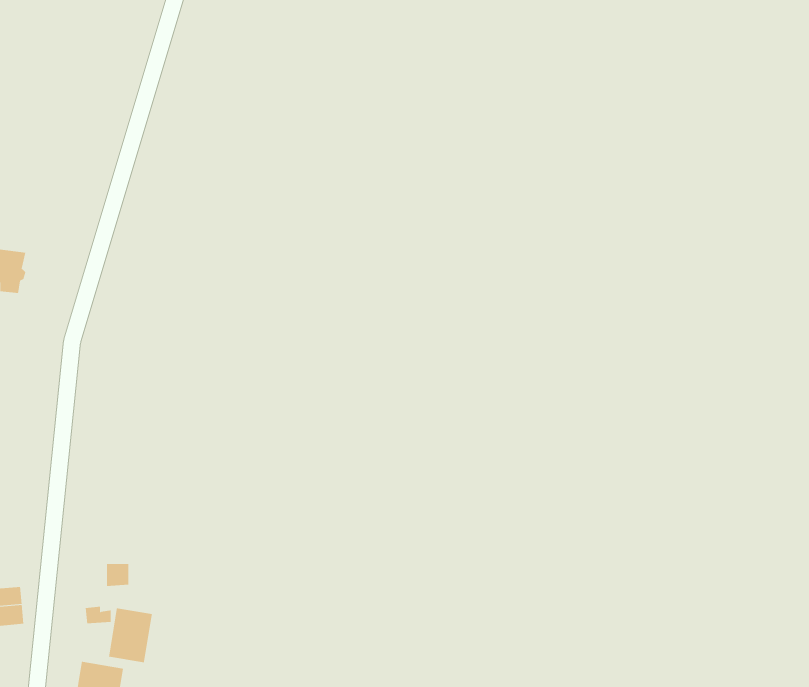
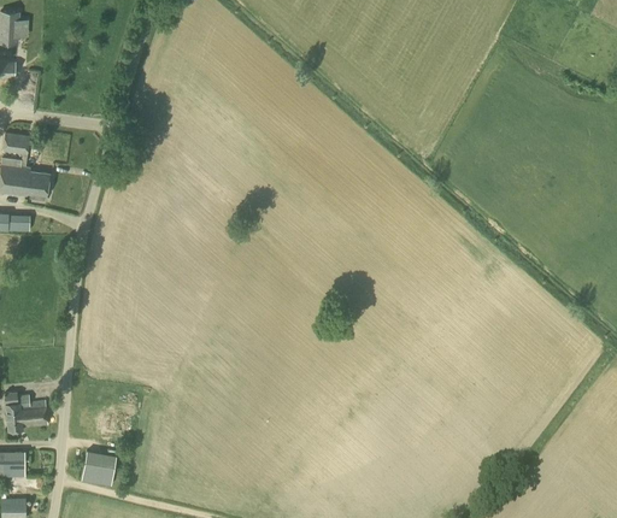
building: [108,607,152,663] -> none

